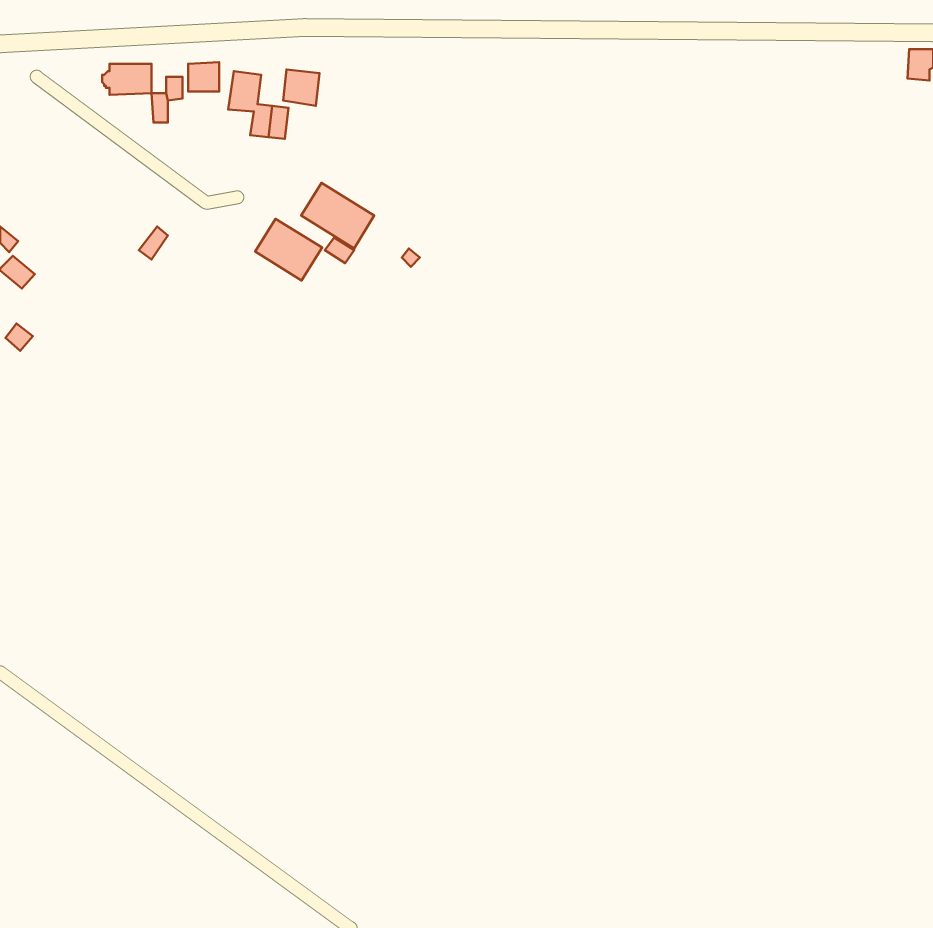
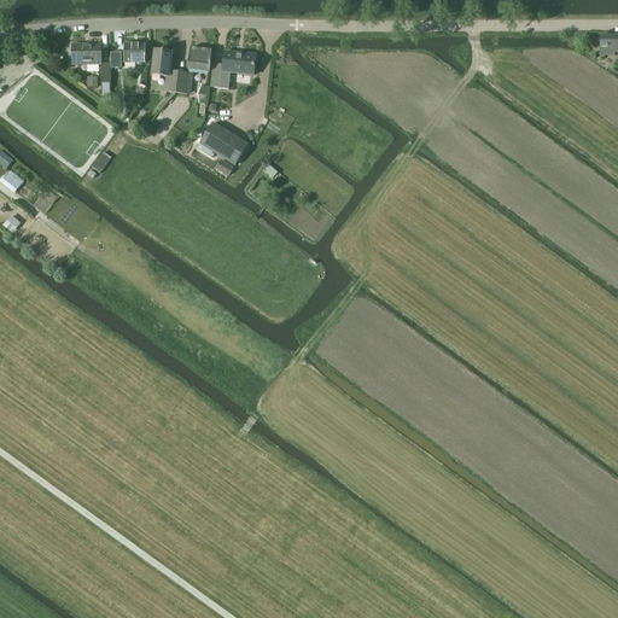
building: none -> [210,49,256,87]
building: [255,219,322,280] -> none

